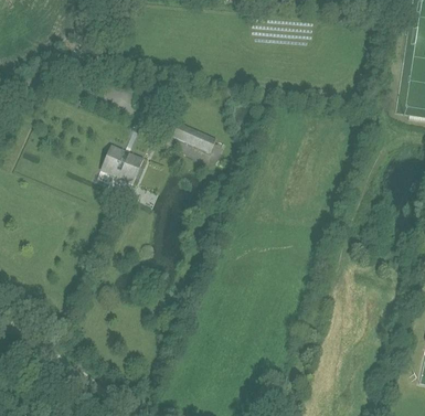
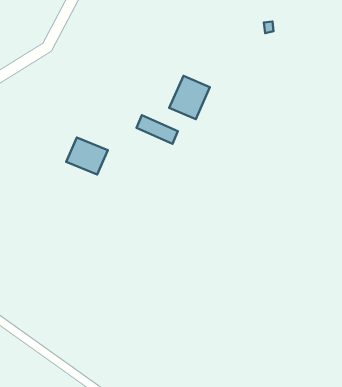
building: none -> [169,76,210,119]

